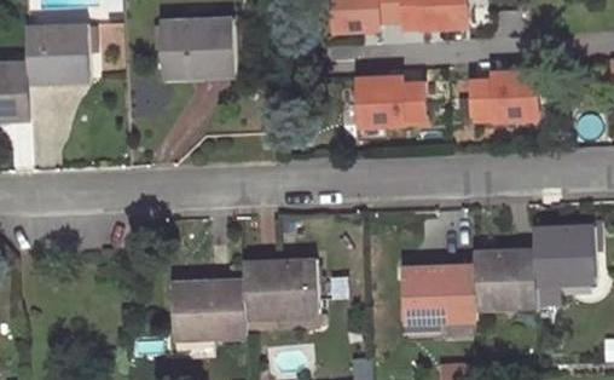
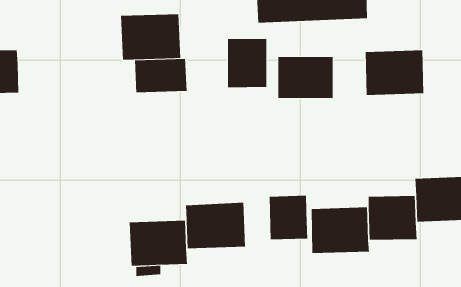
building: [28,25,91,84] -> none
building: none -> [228,38,267,88]
building: none -> [134,58,187,93]
building: none -> [269,195,308,240]

